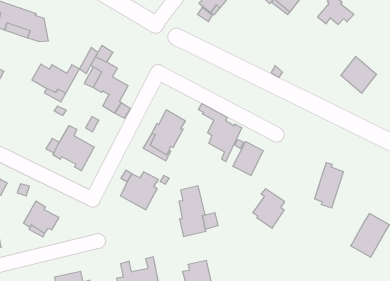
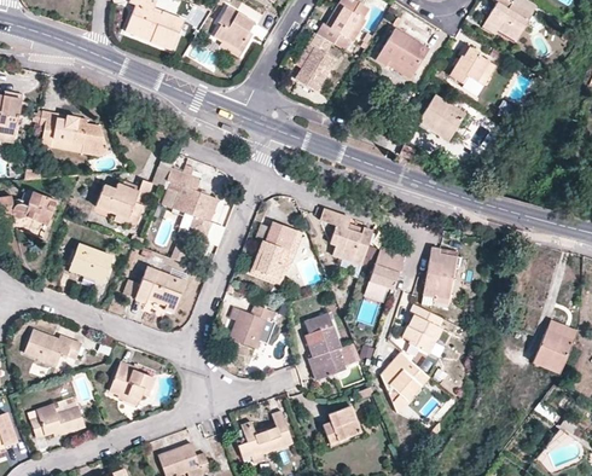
building: [341,57,377,93] -> [420,98,466,144]
building: none -> [68,243,111,283]
building: [314,163,344,208] -> [423,248,455,304]
building: none -> [381,352,428,413]

